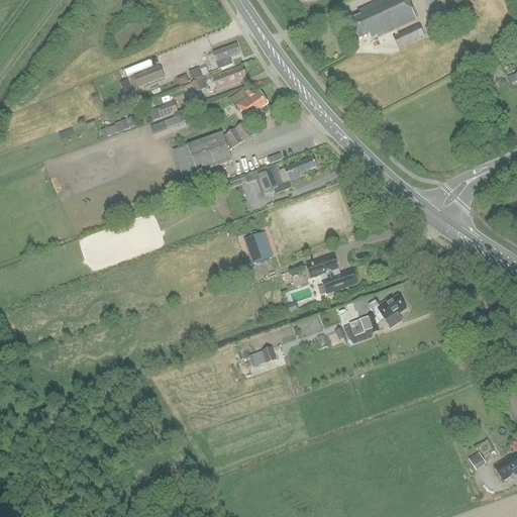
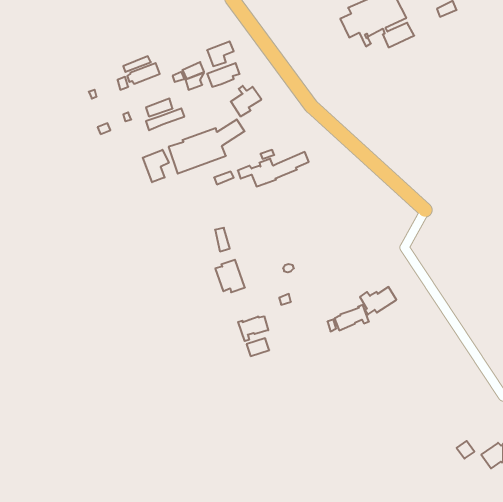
building: none -> [143,150,169,182]
building: [244,229,275,263] -> [215,260,245,292]
building: [306,255,355,293] -> none
building: none -> [238,316,268,341]

